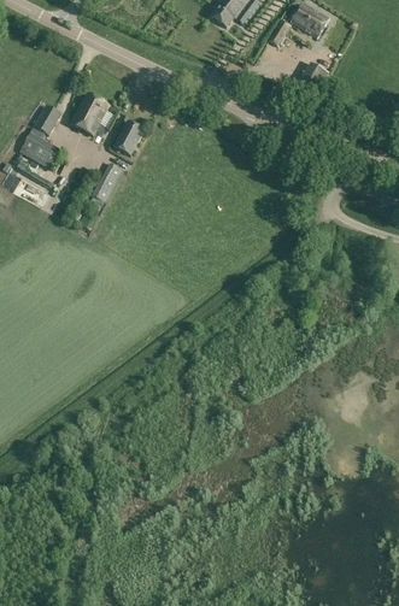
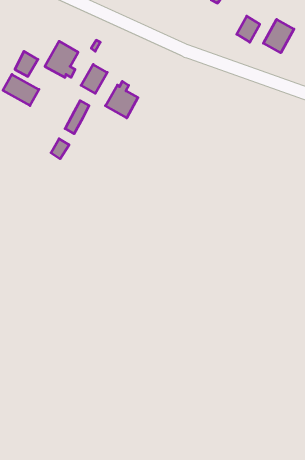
building: none -> [263,19,294,53]
building: none -> [105,81,138,118]

